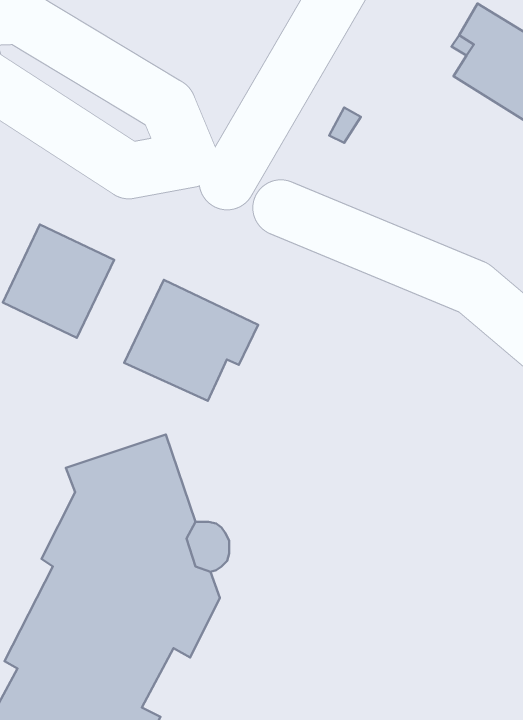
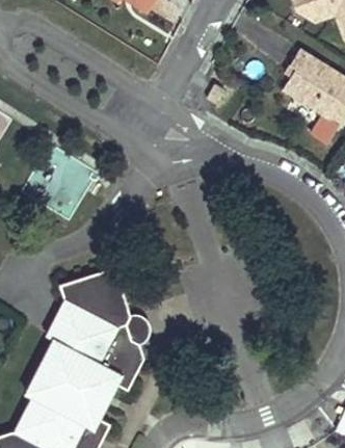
building: [124,280,258,401] -> none

